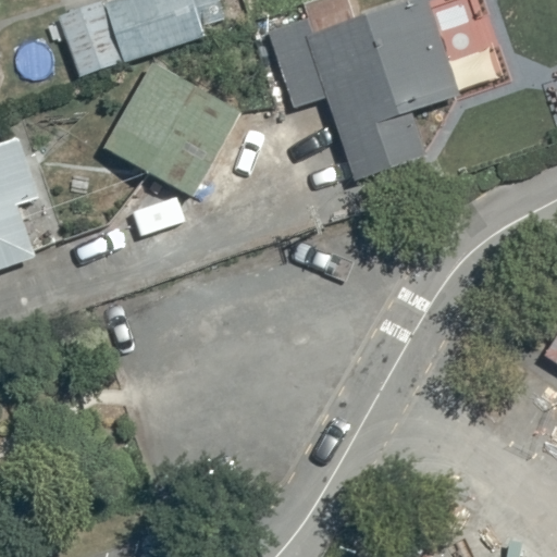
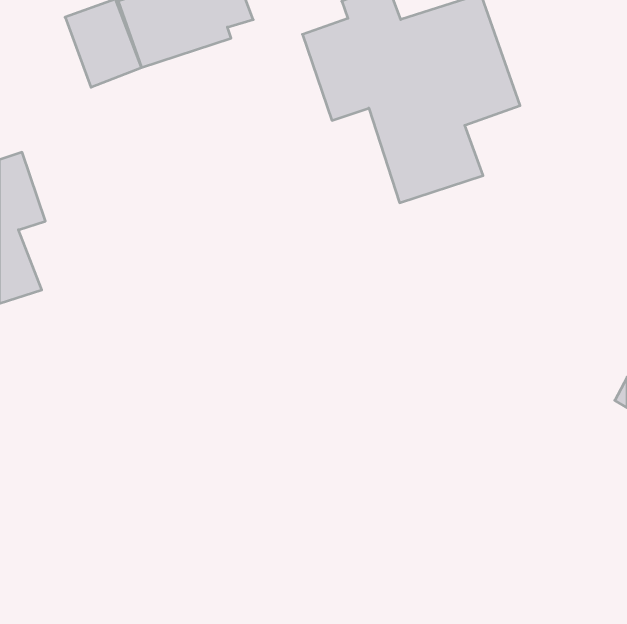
building: [102,60,242,196] -> none

